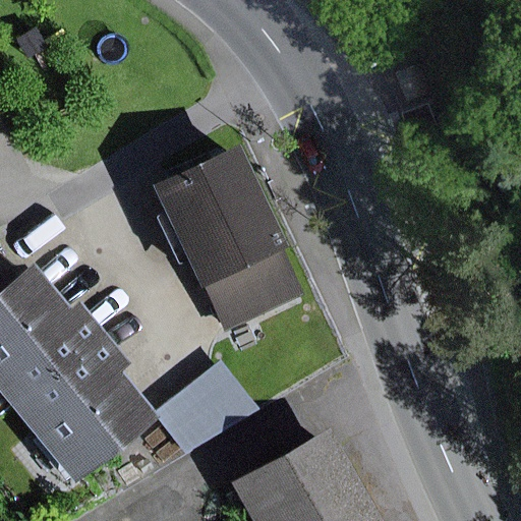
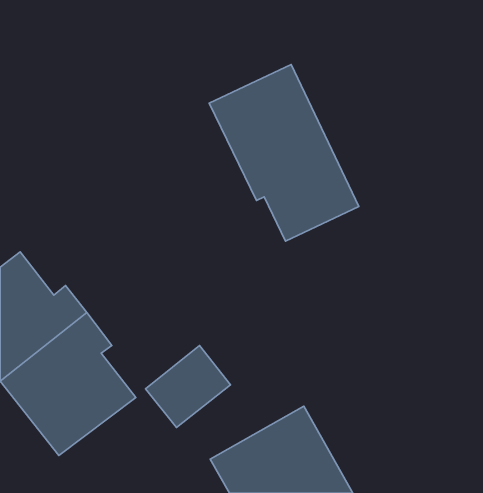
building: [150,146,307,332] -> [209,65,359,241]

